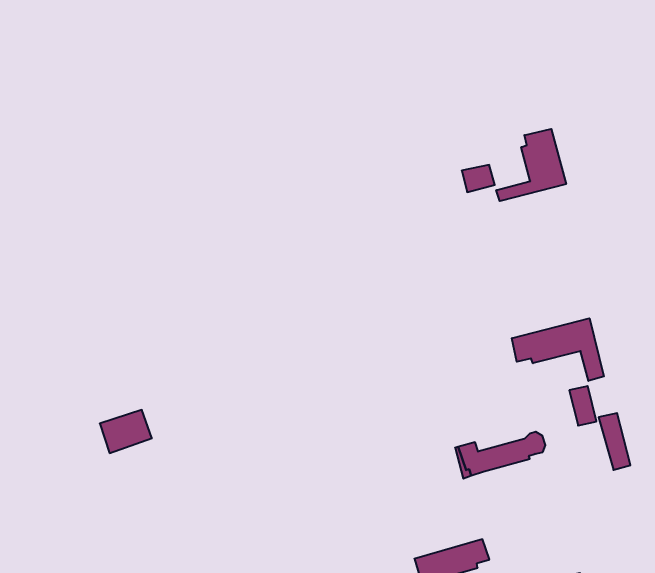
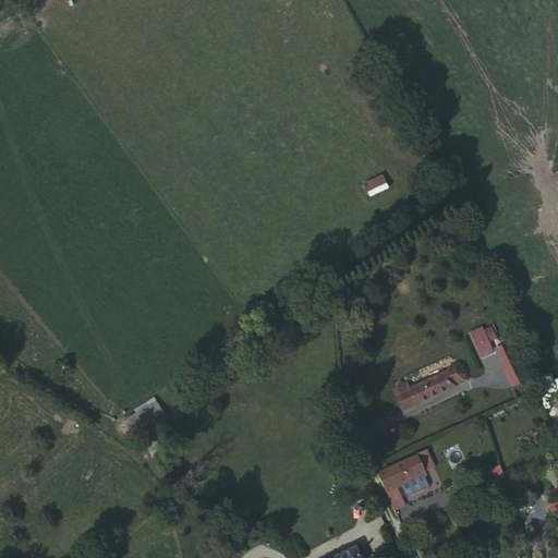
building: [496,129,566,201] -> none
building: [512,318,604,381] -> none

